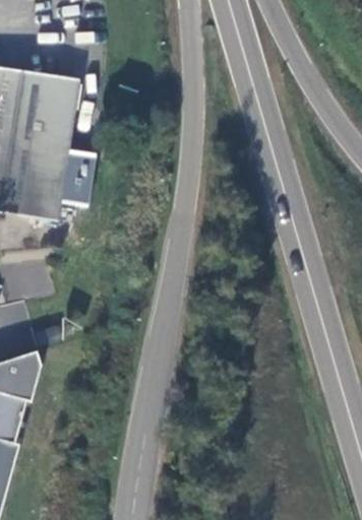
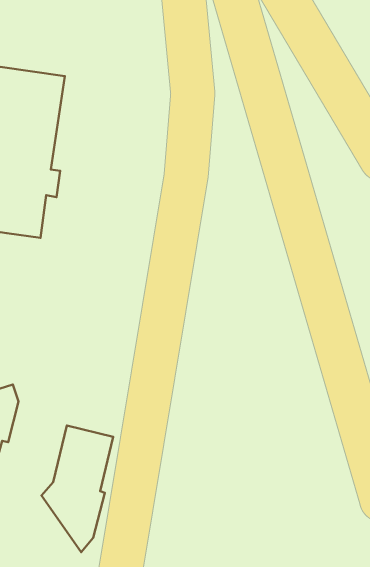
building: none -> [41,425,113,552]

